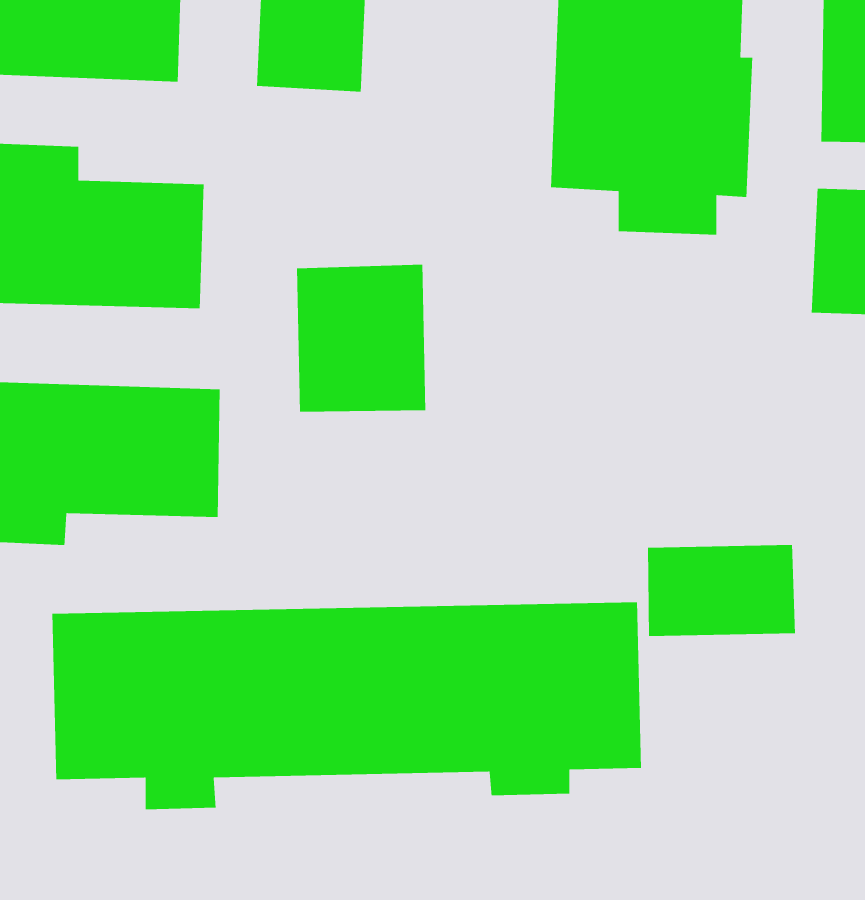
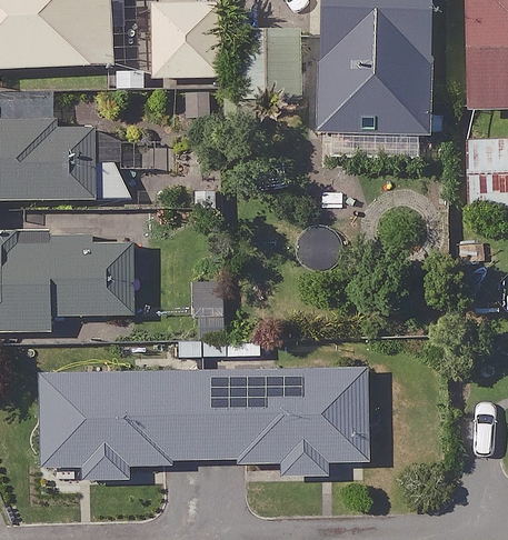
building: [296,264,426,413] -> none
building: [647,544,796,637] -> none

